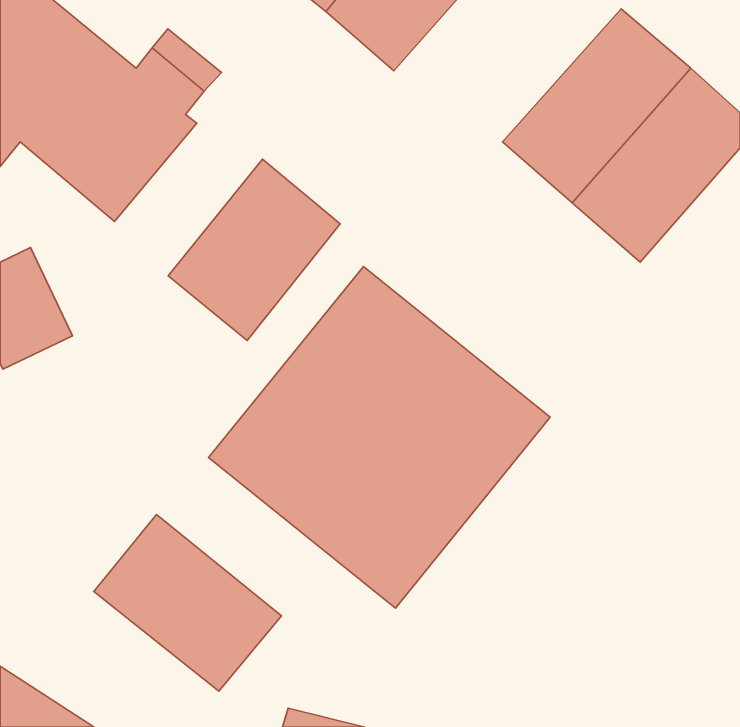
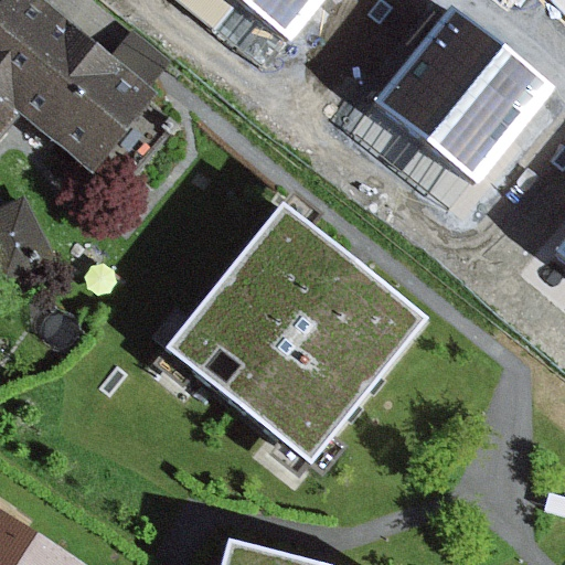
building: [168,159,340,340] -> none
building: [94,515,282,691] -> none

